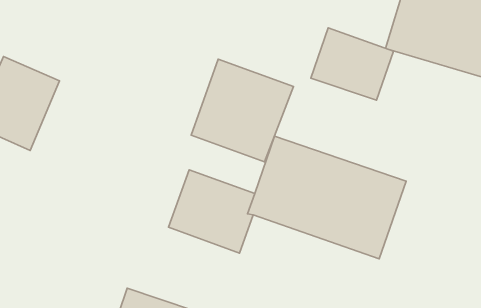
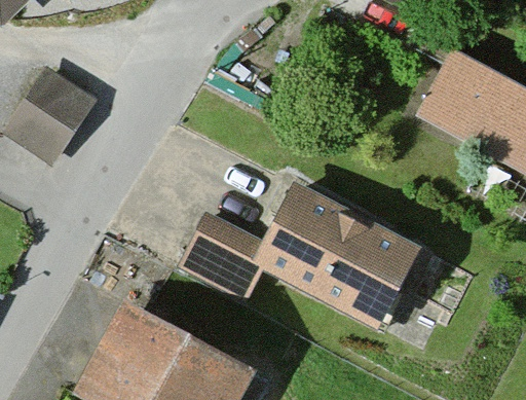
building: [311,28,394,100] -> none
building: [191,59,293,162] -> none

